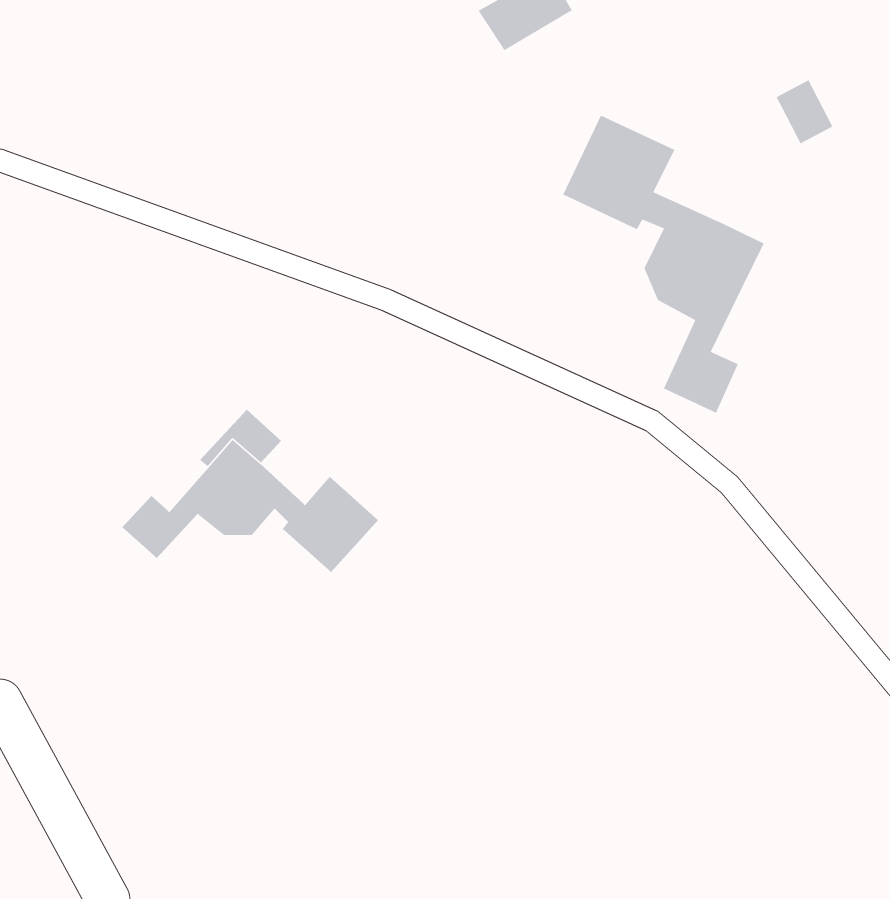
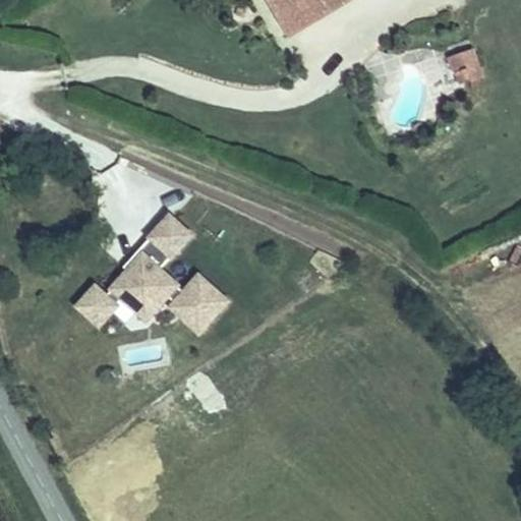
building: [562,114,765,414] -> none
building: none -> [149,215,188,254]

